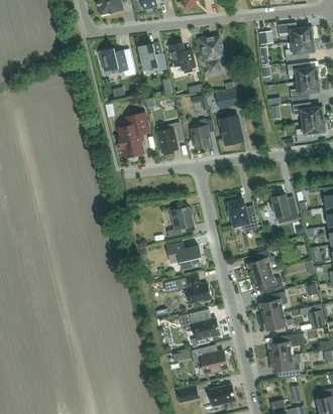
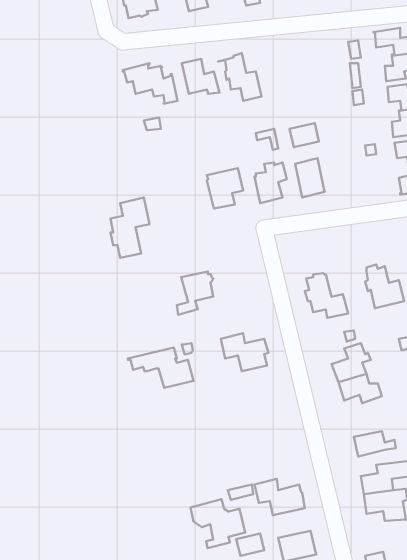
building: [199,36,223,67] -> none
building: [119,113,147,156] -> [110,198,150,258]
building: [166,206,193,238] -> [177,271,213,315]
building: [163,274,211,303] -> [128,347,193,388]
building: [259,291,287,316] -> none
building: [180,310,219,346] -> [191,499,245,548]

